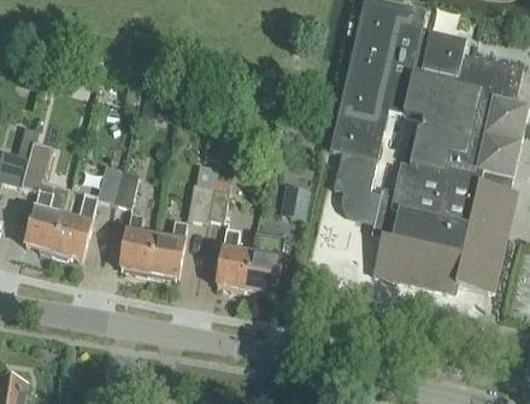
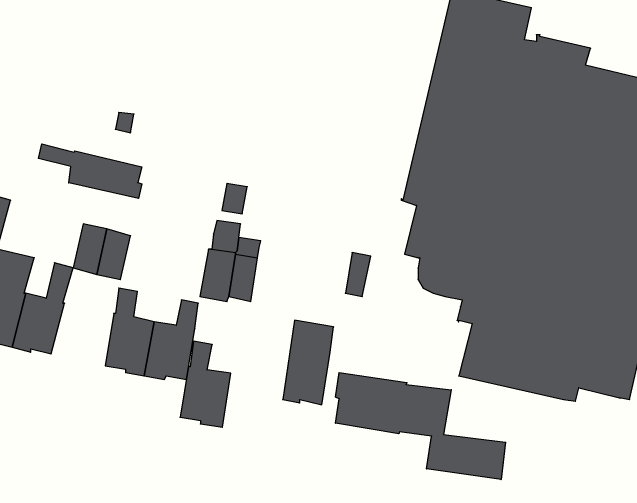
building: none -> [38,144,142,198]
building: [217,228,253,289] -> [180,341,231,427]
building: none -> [335,373,506,480]

